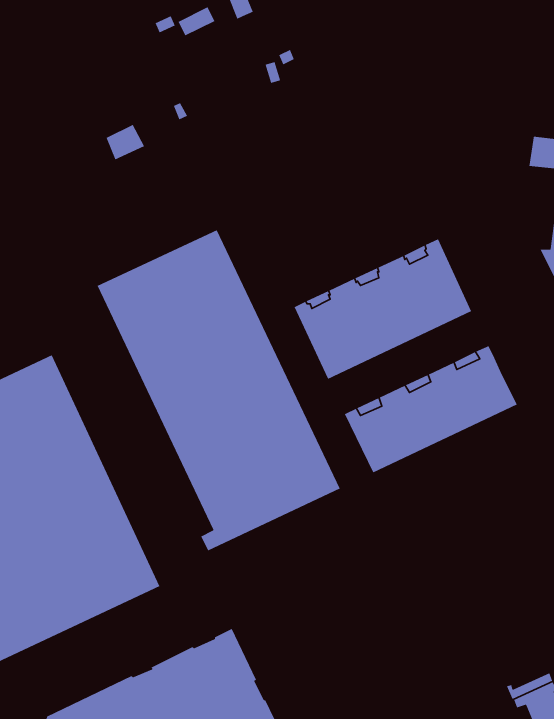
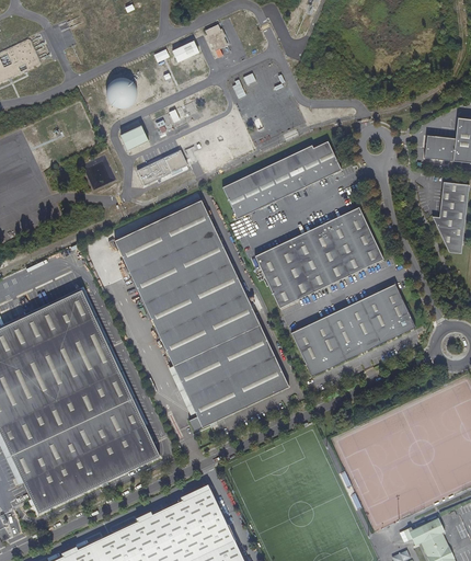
building: none -> [106,79,135,107]
building: none -> [221,141,341,219]
building: none -> [136,151,186,186]

